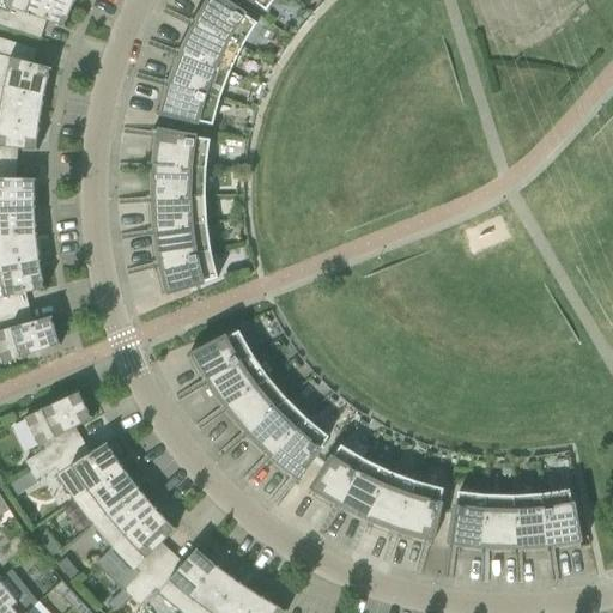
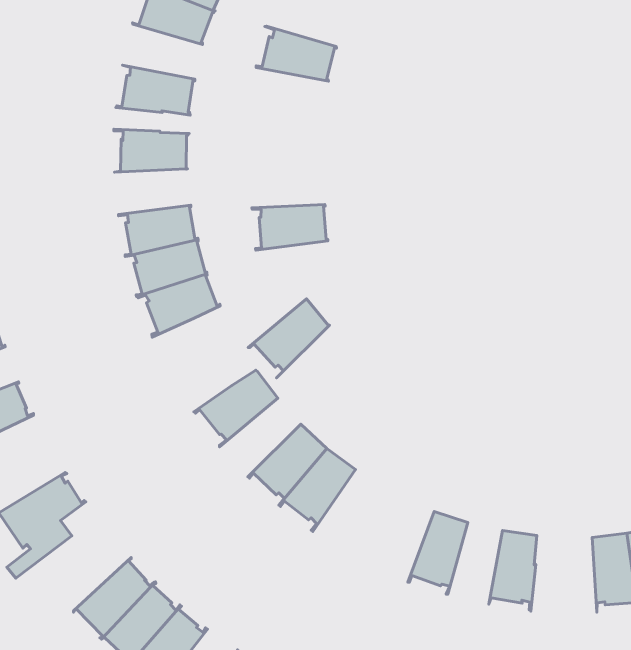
building: [164,47,229,96] -> [256,26,336,81]
building: [146,160,205,194] -> [252,205,328,250]
building: [202,353,268,412] -> [248,299,330,378]
building: [267,417,328,482] -> none
building: [30,441,122,499] -> none
building: [308,443,364,510] -> none
building: [366,469,415,535] -> none
building: [448,490,485,552] -> none

